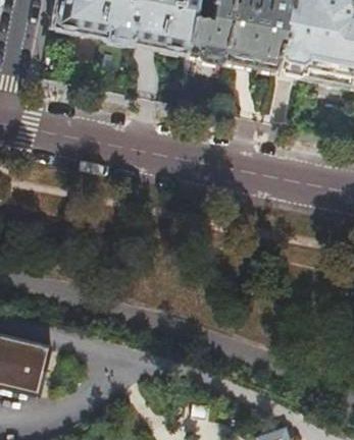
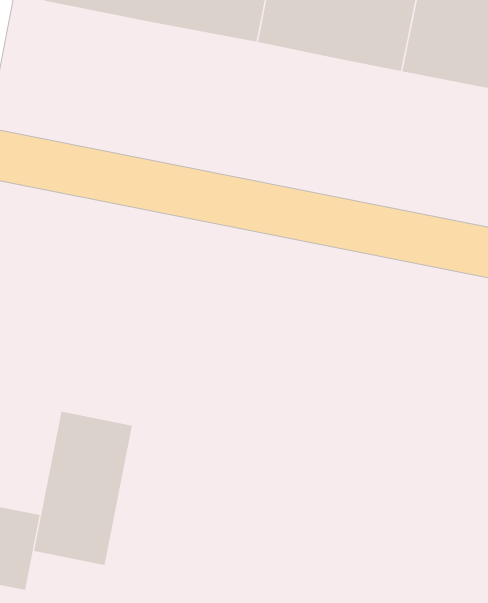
building: none -> [33,411,133,566]

